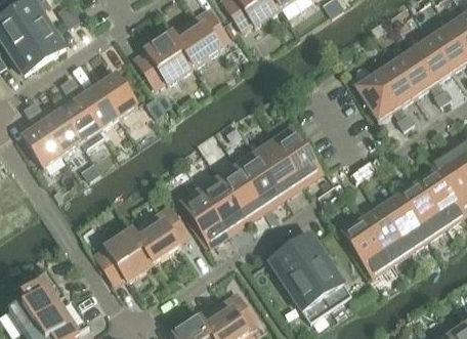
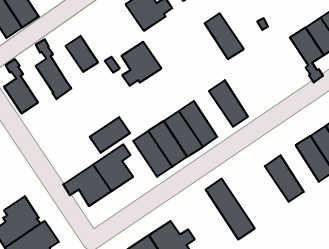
building: [144,32,194,86] -> [121,42,161,86]
building: [354,73,395,119] -> none
building: [79,83,119,128] -> none
building: [42,108,82,153] -> none
building: [255,138,303,195] -> [205,13,244,59]
building: none -> [90,117,130,153]
building: [362,205,409,262] -> none
building: [289,232,350,307] -> none

